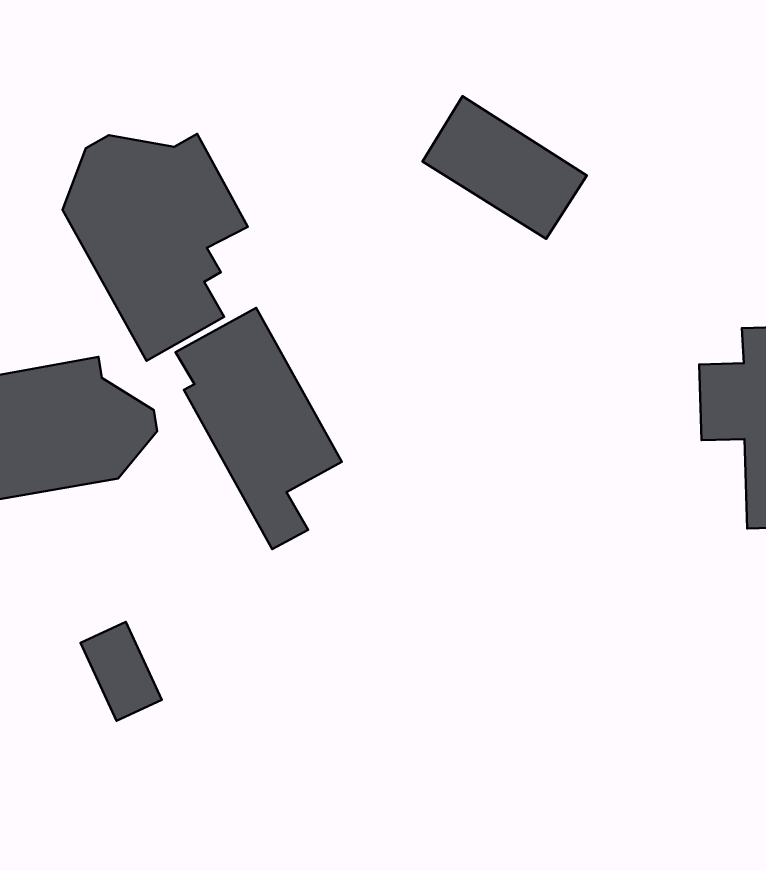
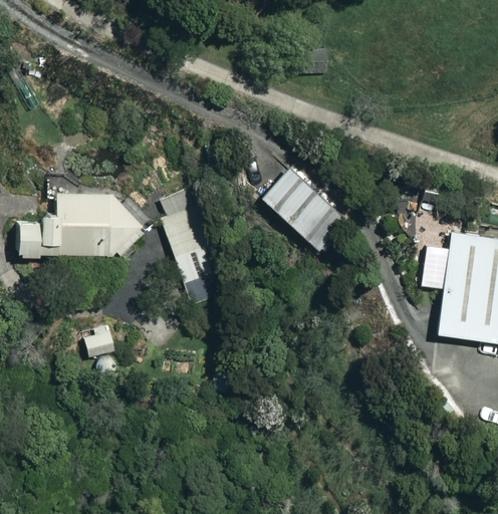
building: [422,96,587,239] -> [262,169,345,249]
building: [63,134,248,361] -> none

